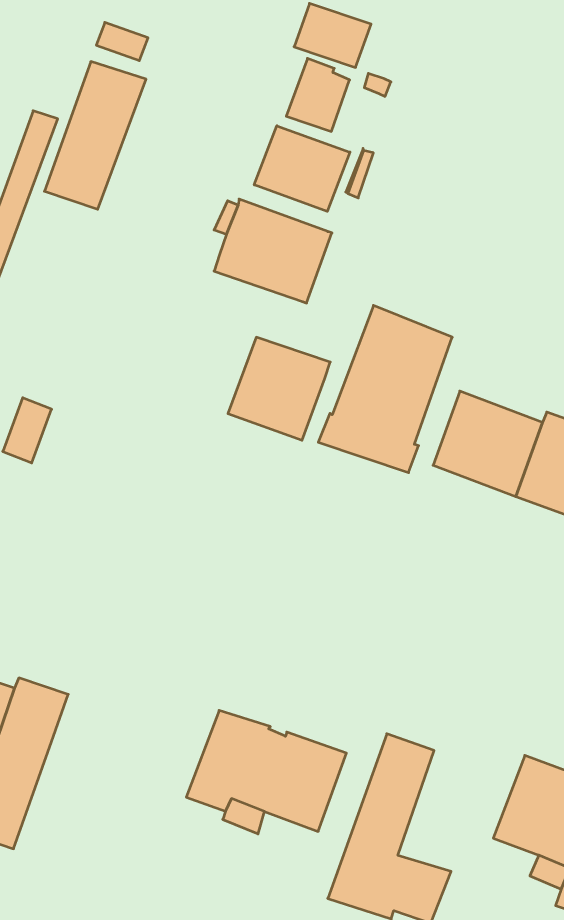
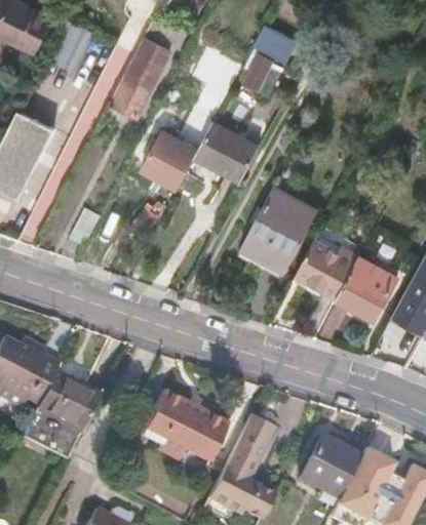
building: [254,126,350,211] -> none
building: [228,337,330,440] -> [141,131,198,189]
building: none -> [46,369,100,456]

